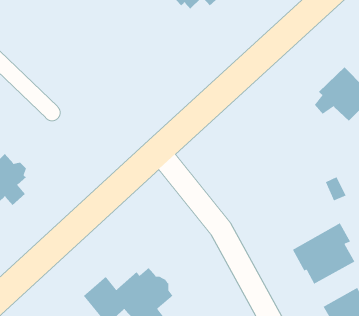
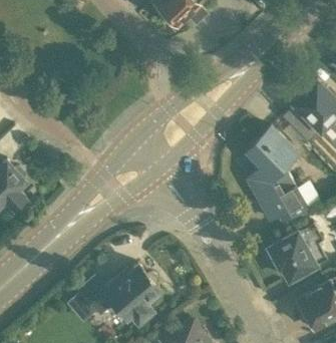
building: none -> [245,129,297,224]

